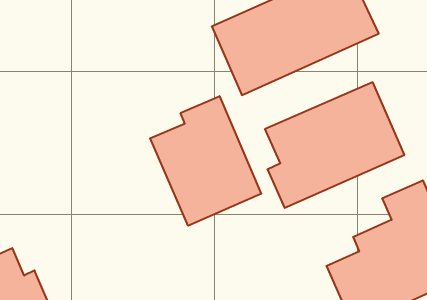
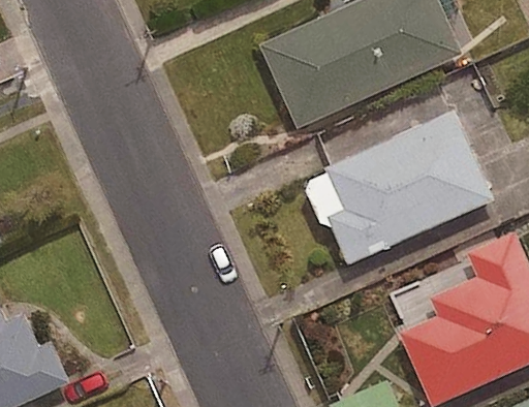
building: [150,96,261,226] -> none

